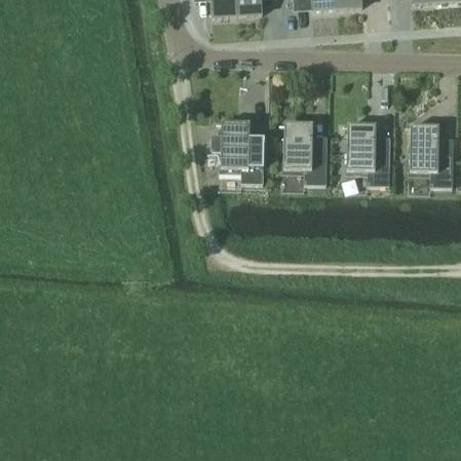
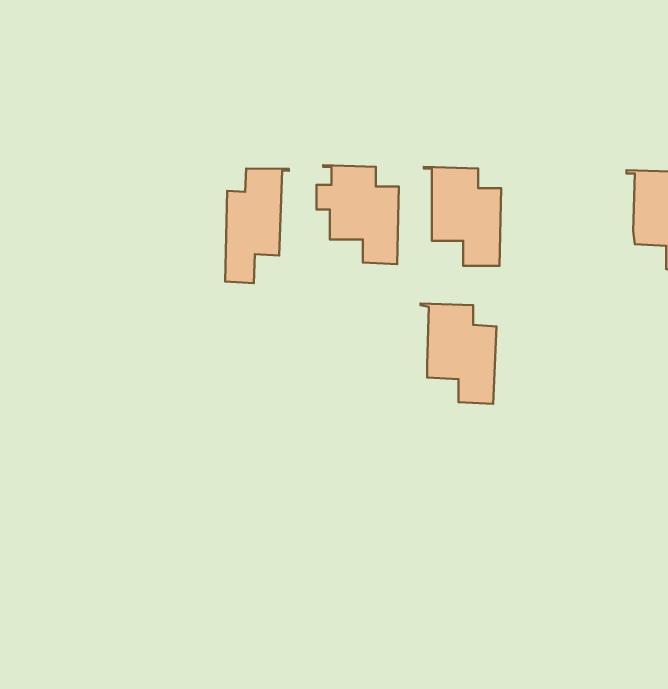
building: [342,124,389,187] -> [421,303,496,404]
building: none -> [225,169,289,283]

